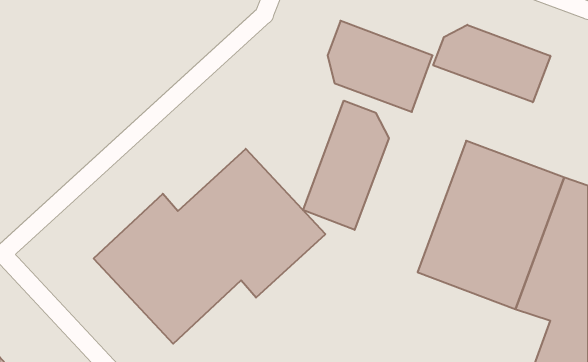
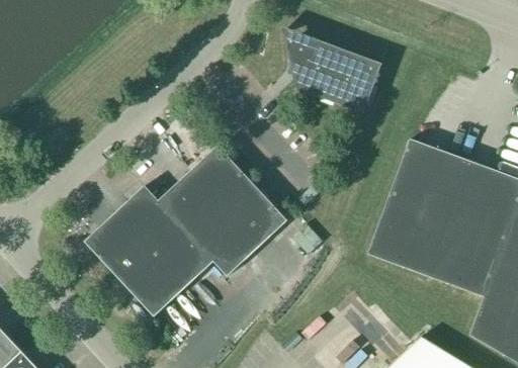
building: [433,25,550,102] -> none
building: [303,101,389,230] -> none

